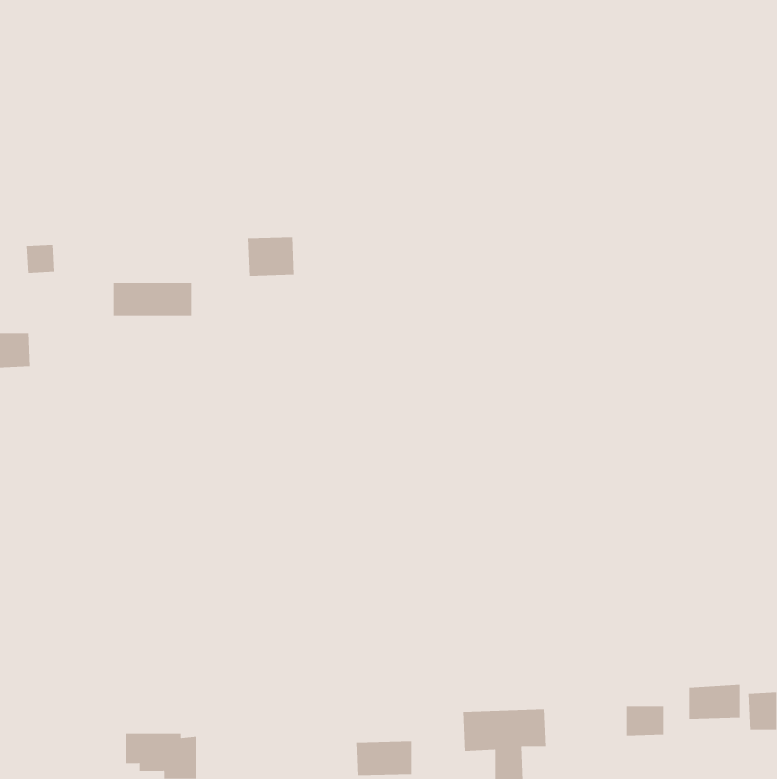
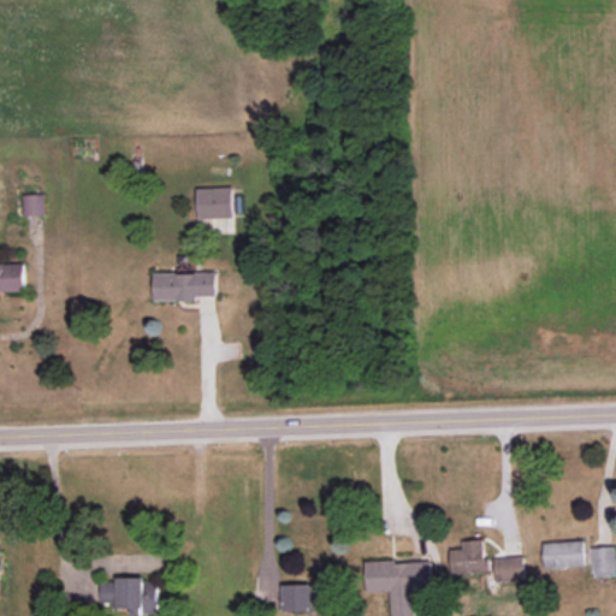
building: [113,283,192,316] -> [153,273,215,300]
building: none -> [450,540,490,574]

